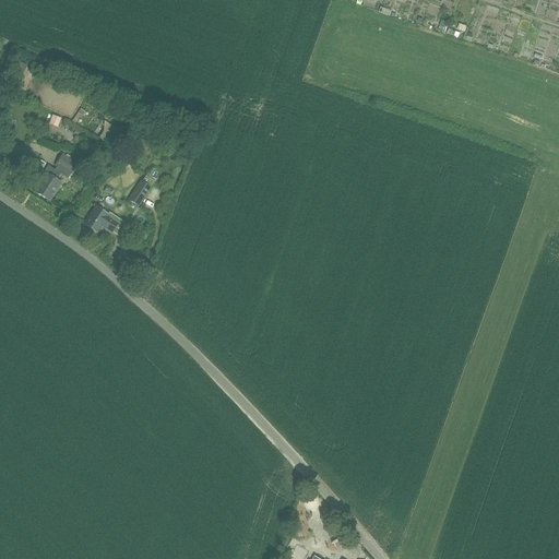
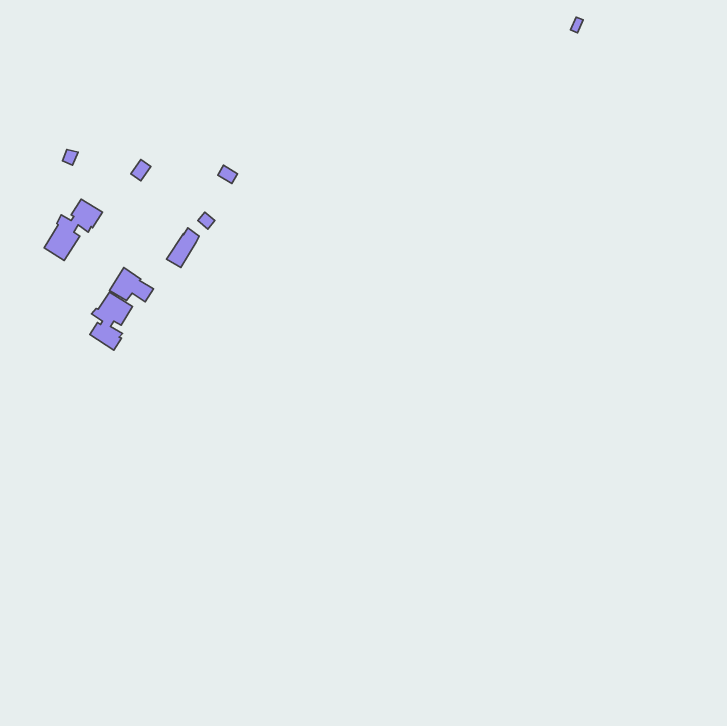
building: none -> [90,292,133,350]

